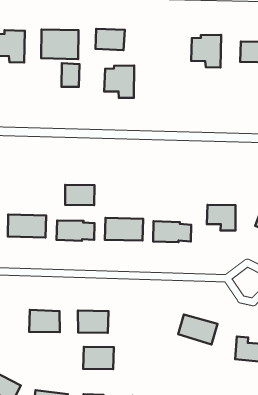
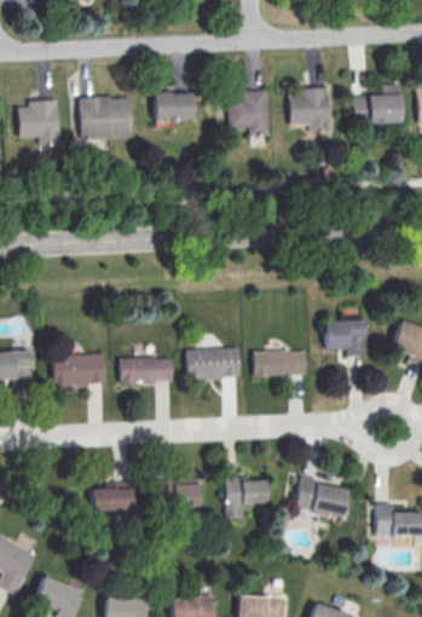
building: [61,63,80,87] -> none
building: [104,66,134,98] -> [226,91,268,137]
building: [65,185,94,205] -> none
building: [83,347,114,369] -> [224,477,266,509]

